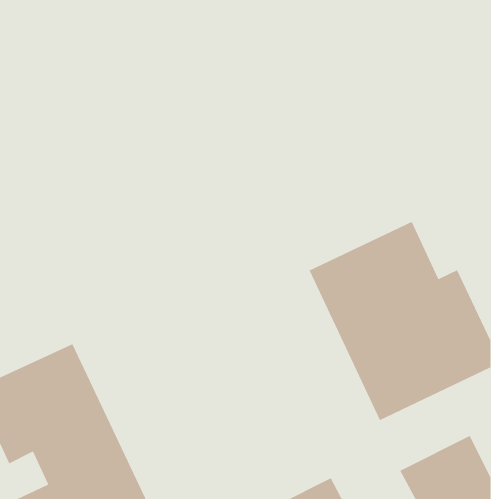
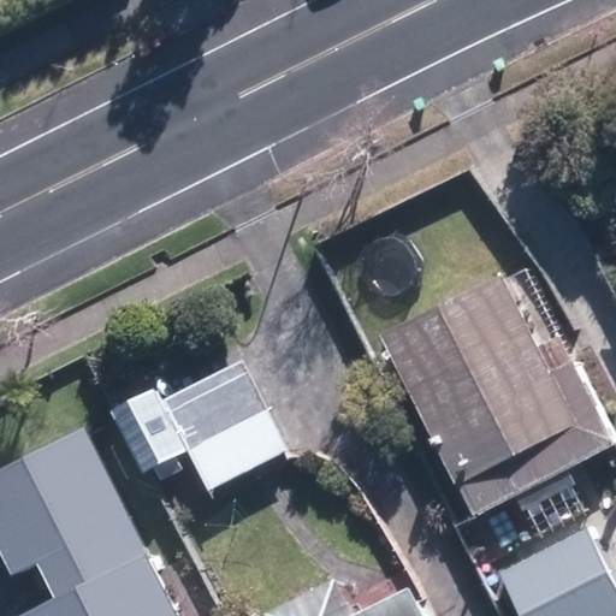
building: none -> [158,361,286,490]

